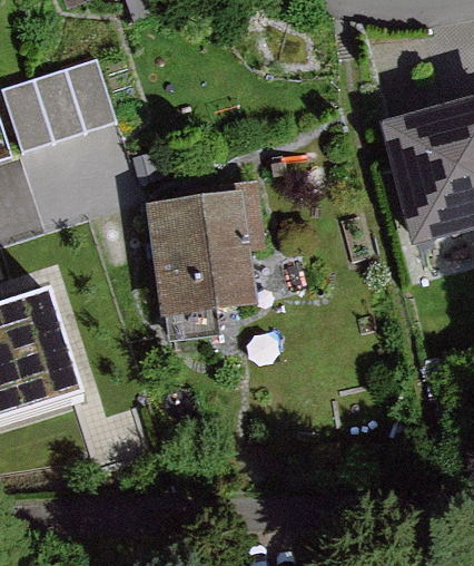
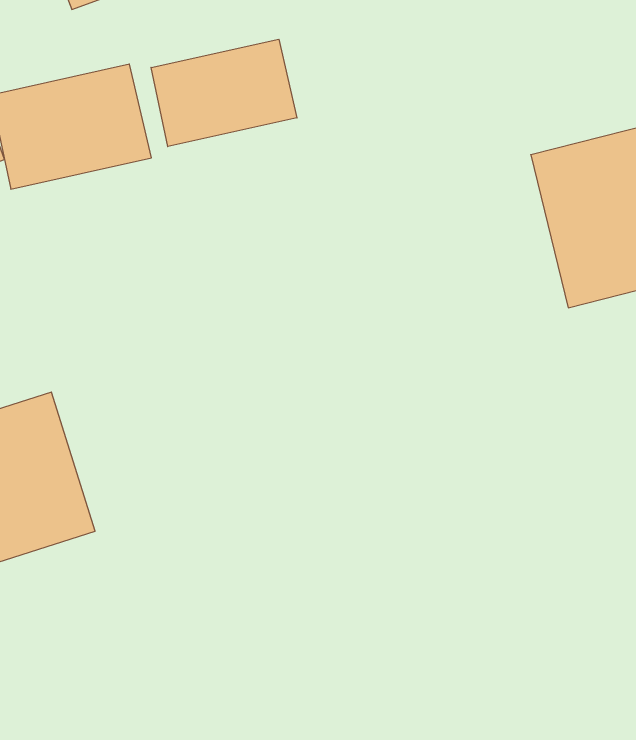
building: none -> [151,39,297,147]
building: [152,196,247,306] -> none

